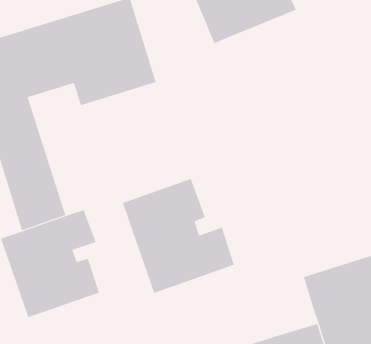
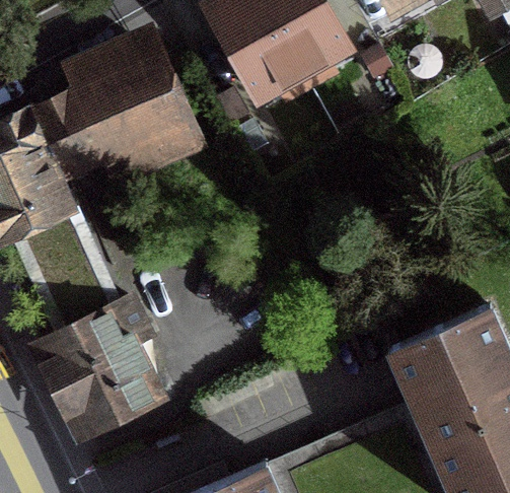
building: [122,178,235,294] -> none

